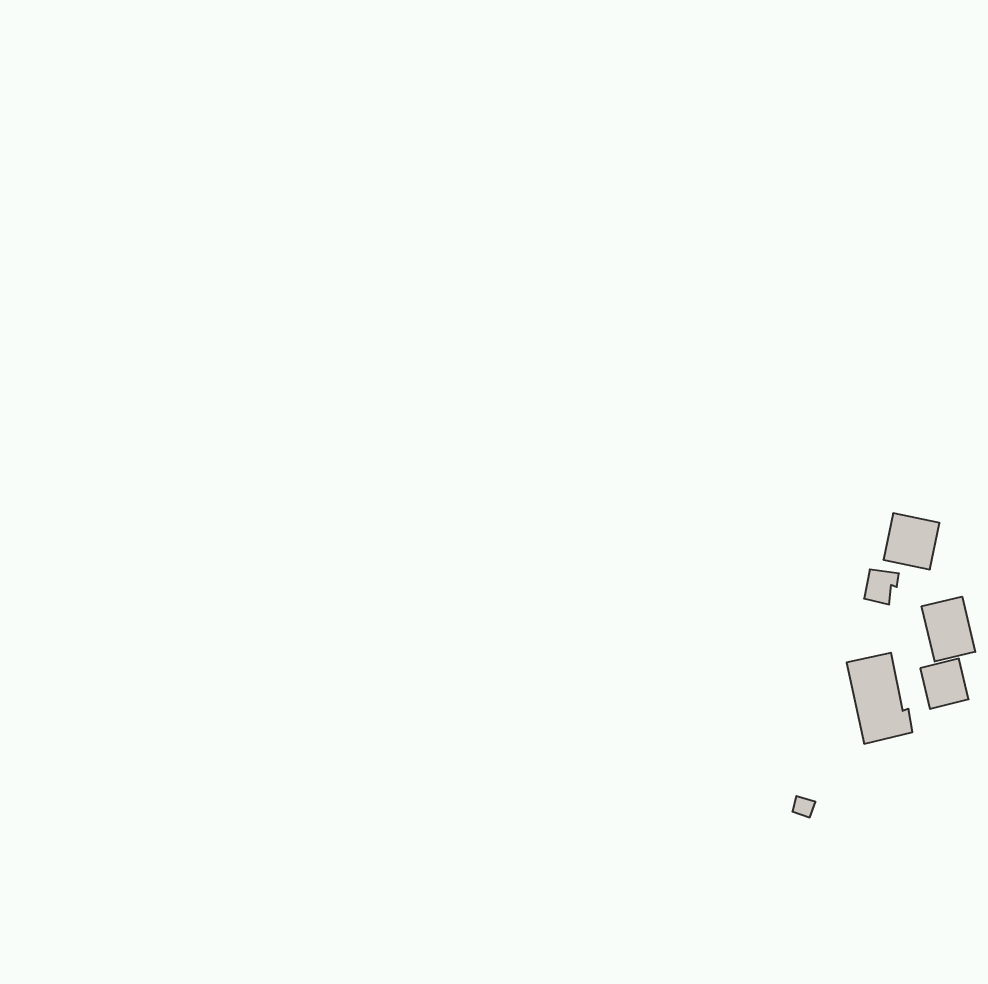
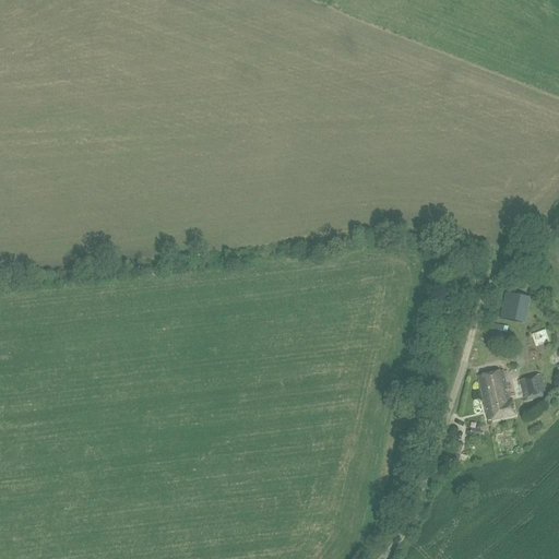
building: [922,597,975,662] -> none

